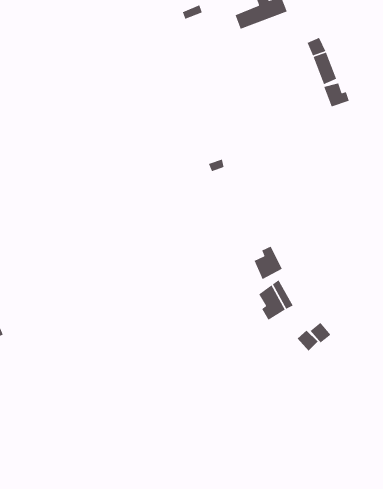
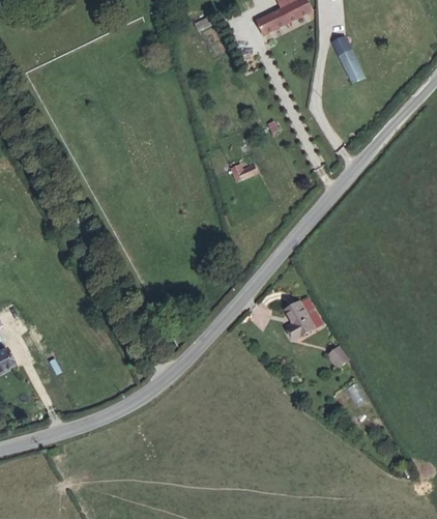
building: [323,82,350,107] -> none
building: [254,245,283,280] -> none

